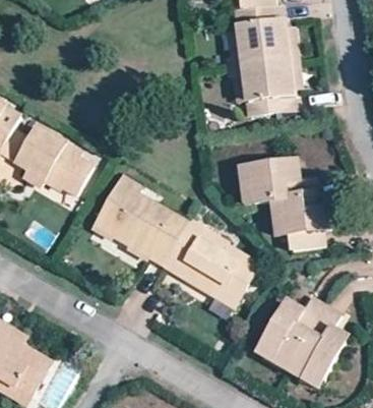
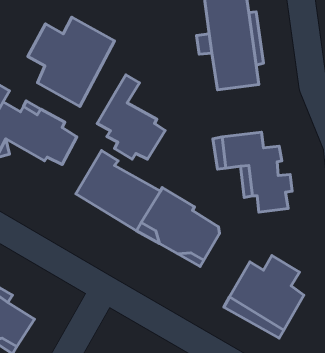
building: none -> [28,17,114,106]
building: none -> [97,75,165,159]

